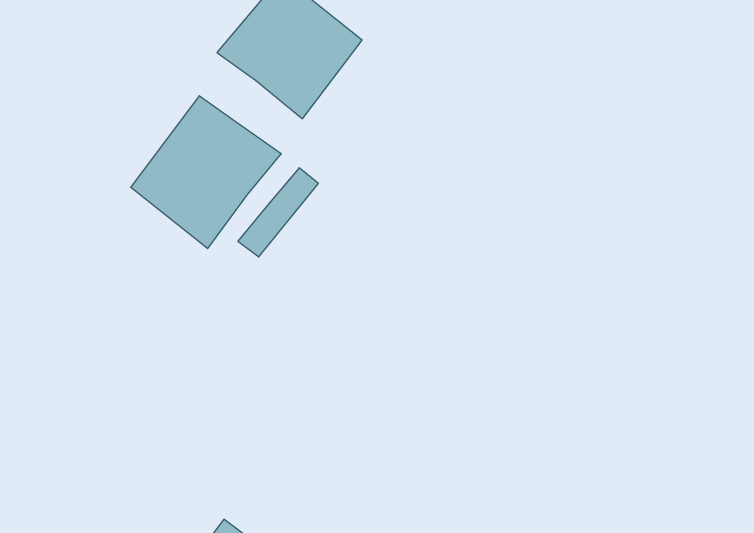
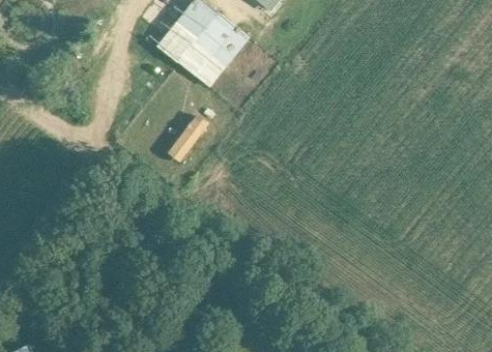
building: [131,96,281,249] -> none

